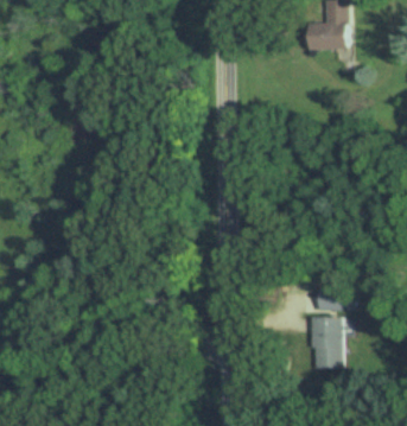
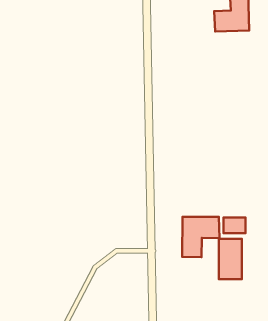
building: none -> [182,217,219,257]

